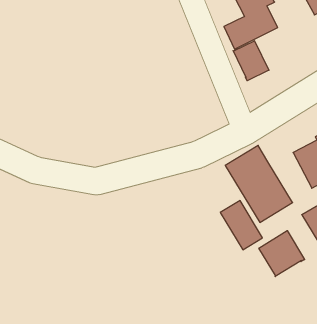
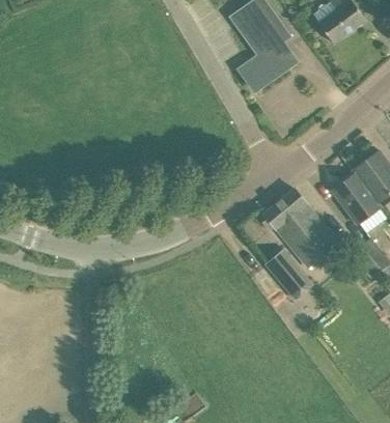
building: [233,41,269,81] -> none
building: [259,231,305,277] -> none

